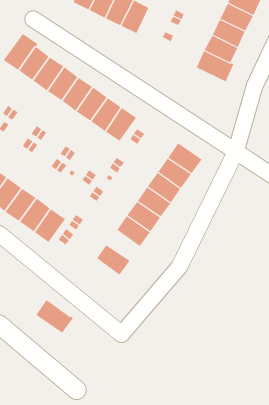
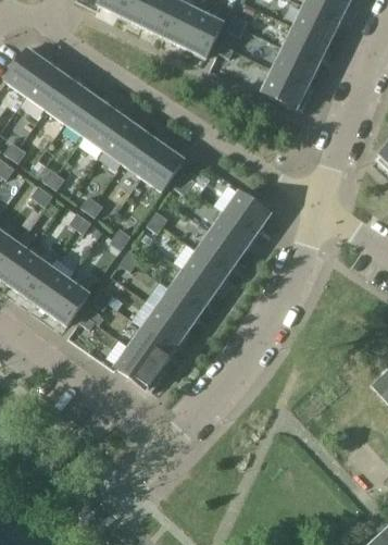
building: none -> [184,11,223,57]
building: none -> [142,307,188,348]
building: [35,299,74,334] -> [115,345,166,391]

